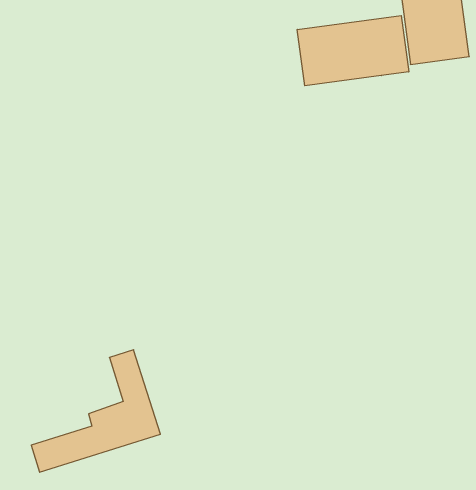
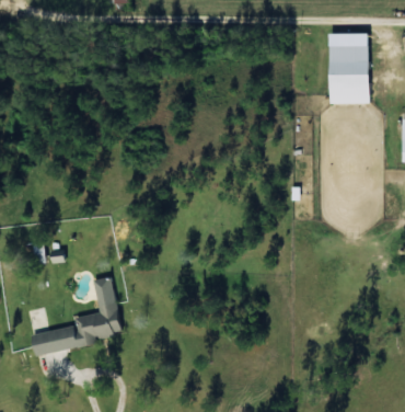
building: [297,16,409,86] -> none

